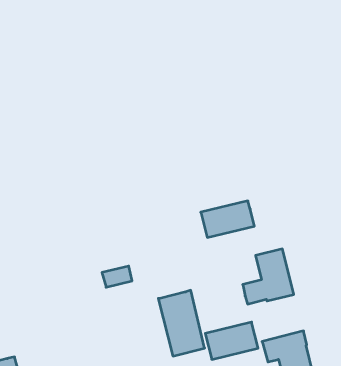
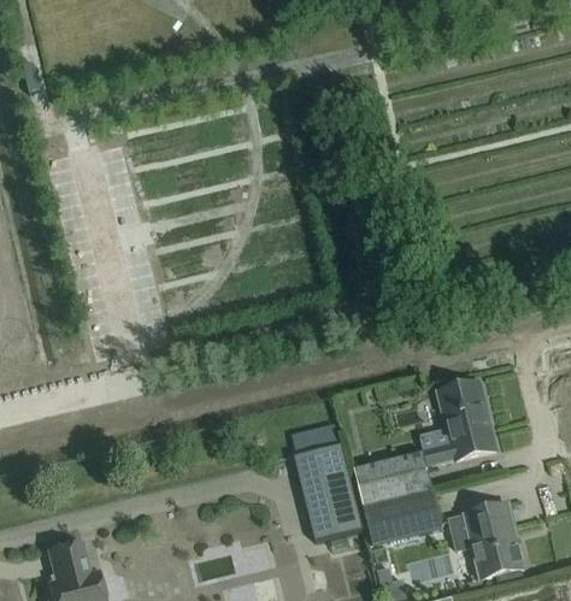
building: [201,201,254,237] -> [353,450,432,505]
building: [102,266,132,287] -> [290,423,335,454]

